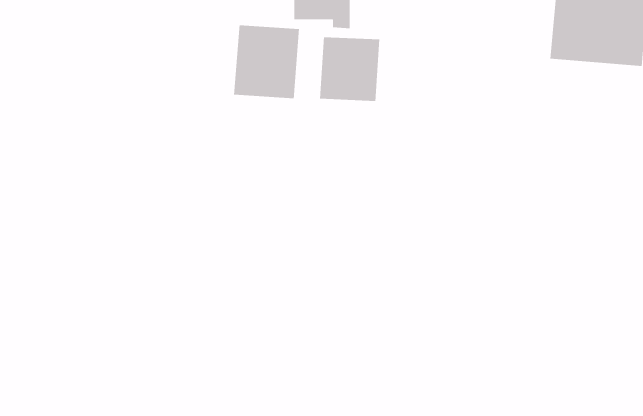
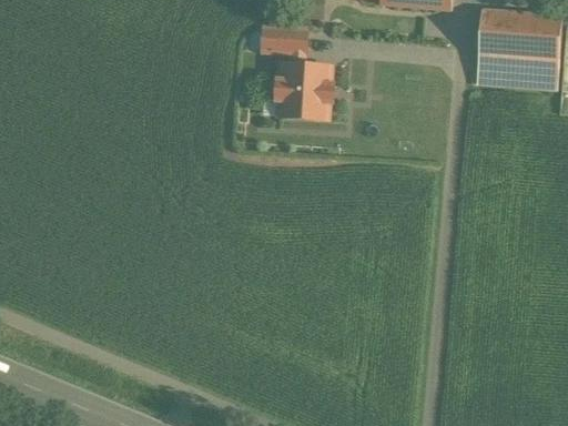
building: [234,25,299,99] -> none

